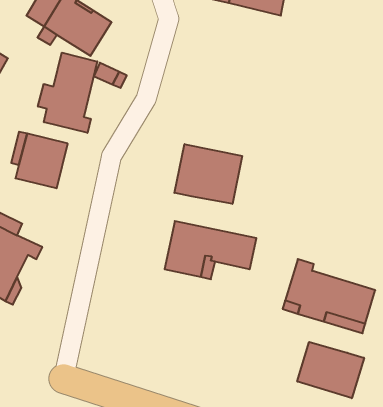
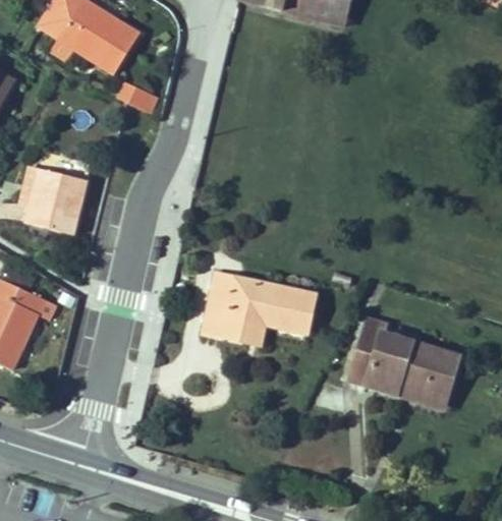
building: [38,53,97,133] -> none
building: [174,144,242,204] -> none
building: [297,342,364,398] -> none

